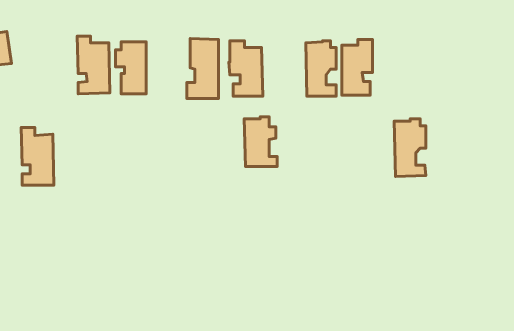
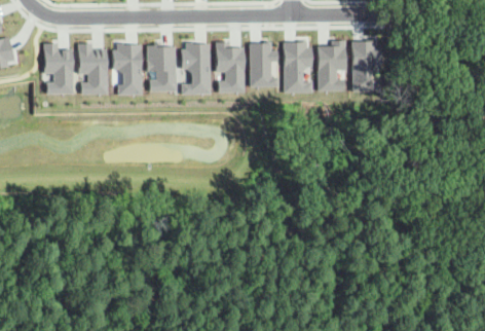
building: none -> [148,46,178,93]
building: [244,117,277,167] -> [251,42,281,87]
building: [394,119,426,177] -> [351,40,380,93]
building: [21,127,54,185] -> [43,38,73,90]

